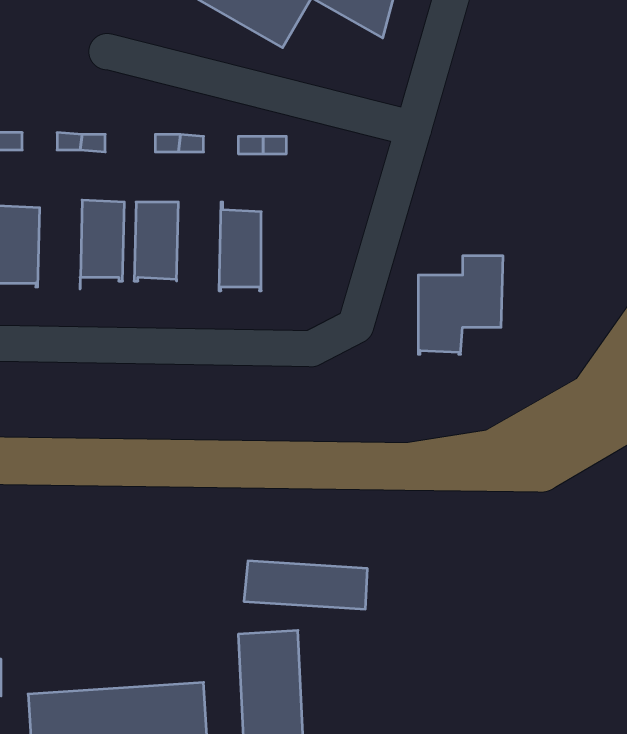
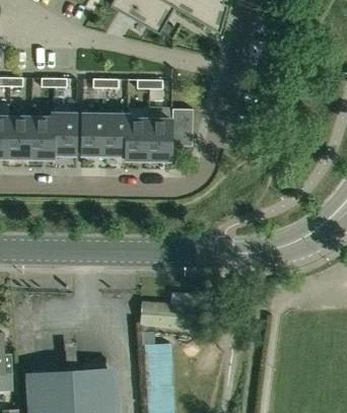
building: none -> [30,113,54,159]
building: none -> [103,114,127,160]
building: [418,256,503,354] -> [148,109,193,160]

